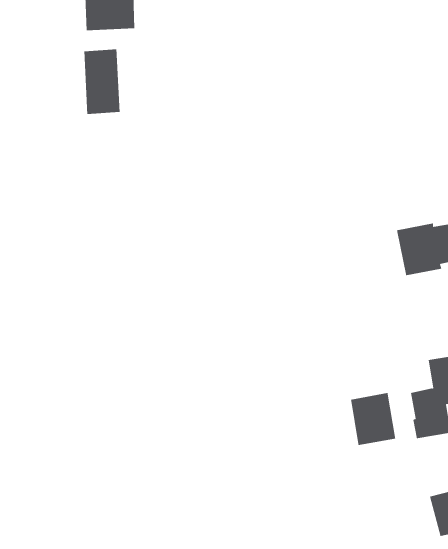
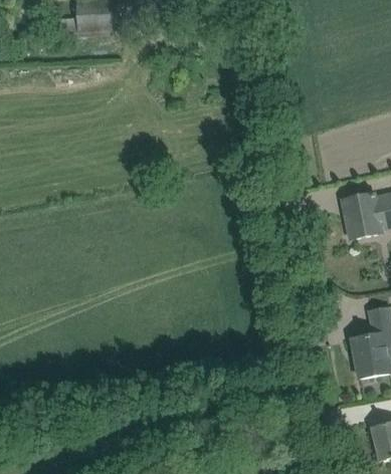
building: [84,49,120,115] -> none
building: [350,392,396,446] -> none

